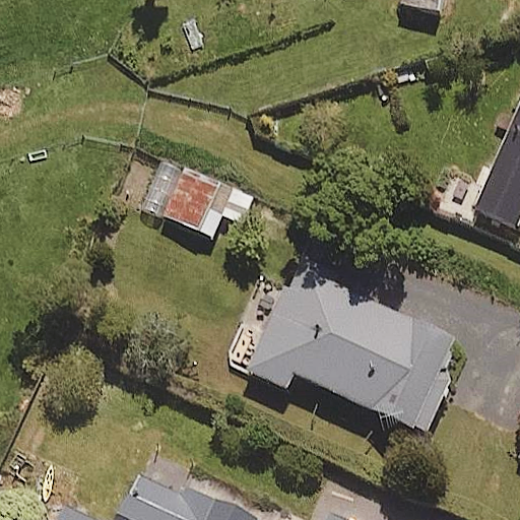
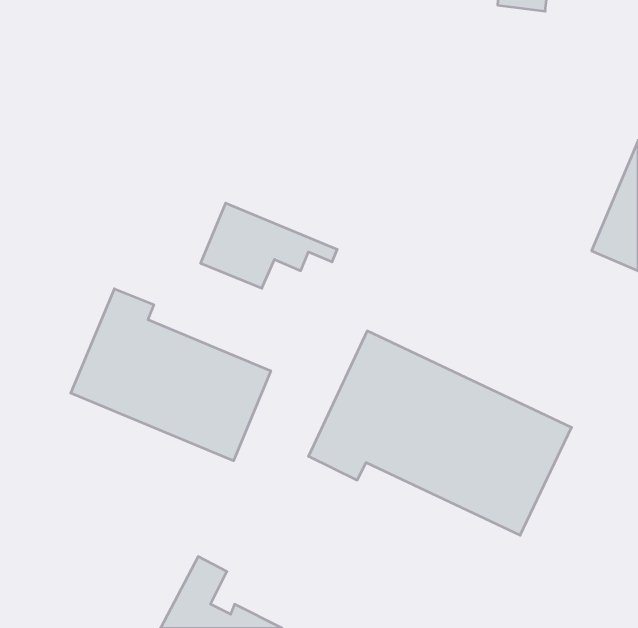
building: none -> [71,289,271,461]

